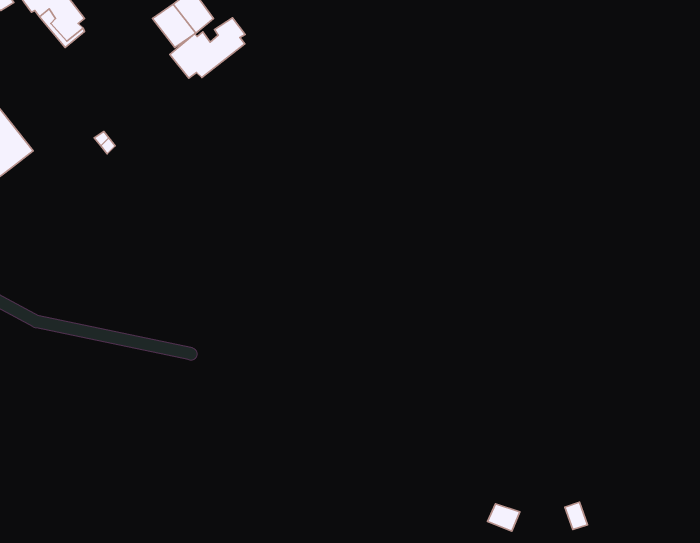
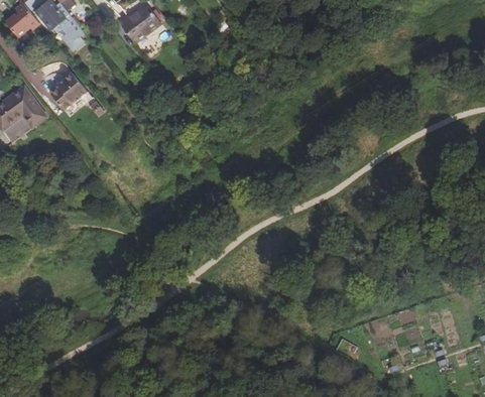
building: [170,18,245,78] -> none
building: none -> [48,72,85,109]

